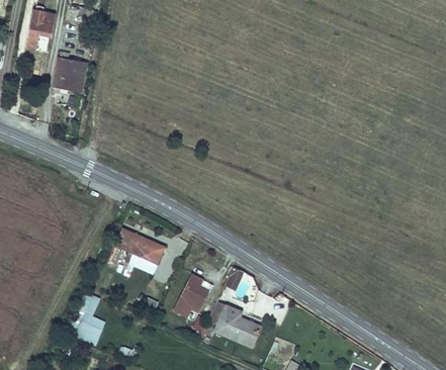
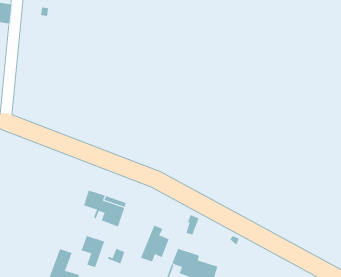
building: [55,52,87,90] -> none
building: none -> [81,235,105,268]

